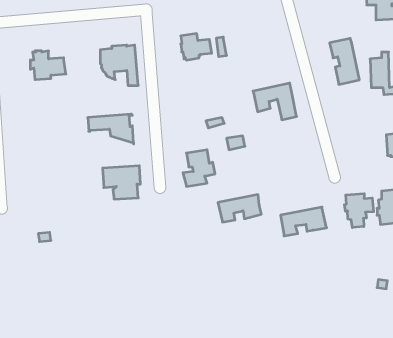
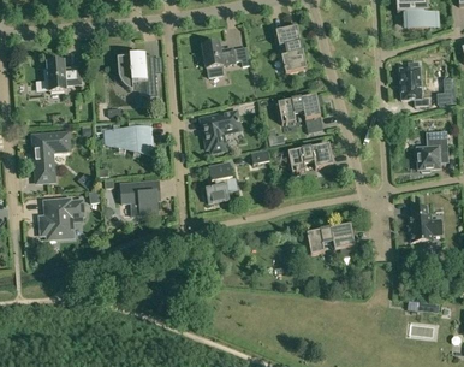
building: [330,38,359,84] -> [275,25,307,73]
building: none -> [201,111,240,153]
building: none -> [32,132,69,182]
building: none -> [40,199,84,238]
building: [344,194,374,228] -> none
building: [218,195,261,222] -> [287,143,333,172]

